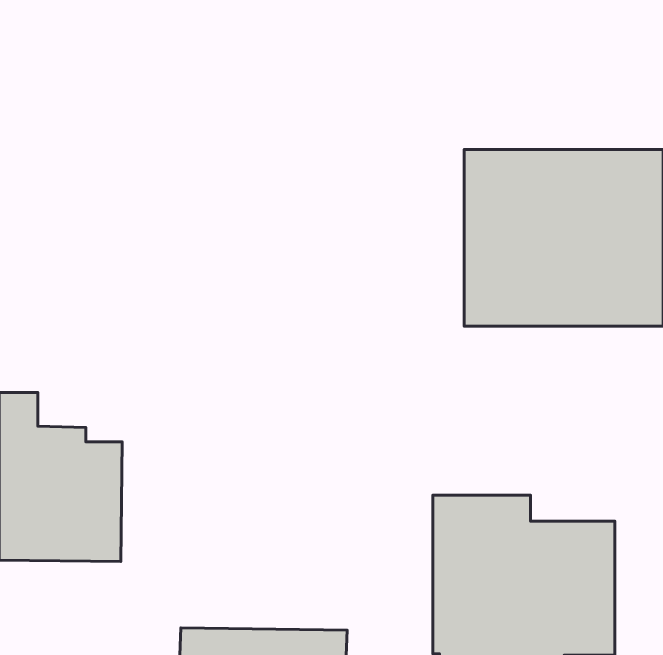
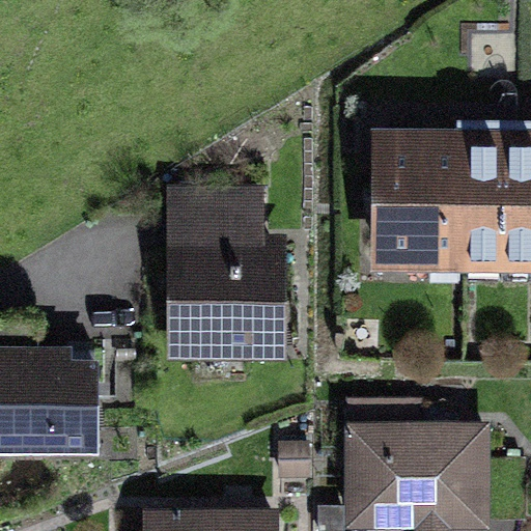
building: none -> [167,188,286,362]

